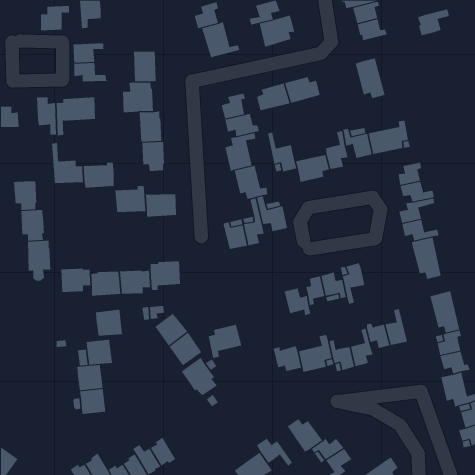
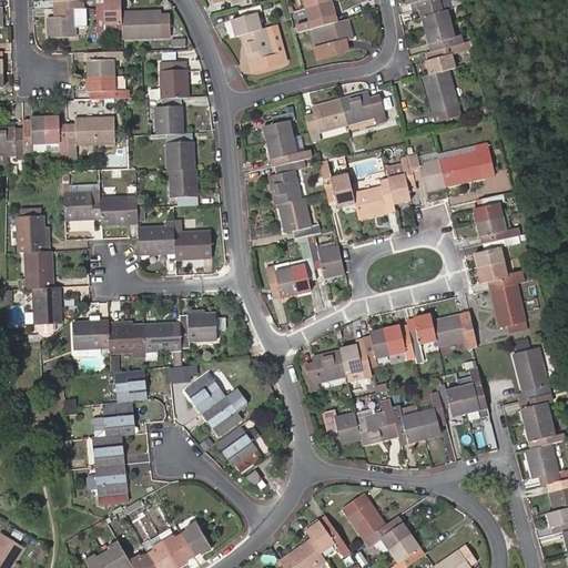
building: none -> [122,11,170,38]
building: [417,9,450,36] -> [426,42,465,74]
building: none -> [23,116,45,153]
building: none -> [432,314,475,346]
building: [208,324,242,359] -> [305,349,346,390]

